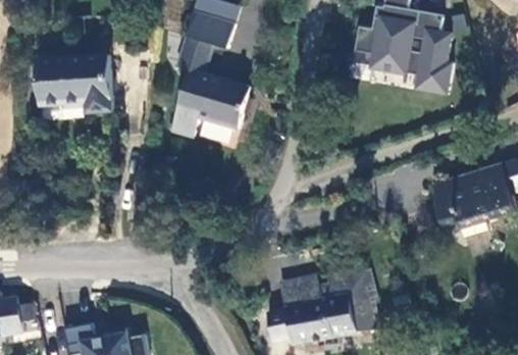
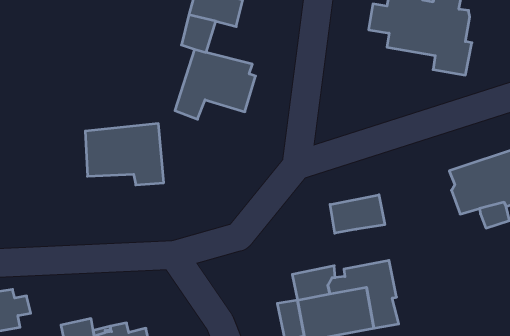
building: [39,55,113,113] -> [85,124,164,185]
building: none -> [330,195,385,233]

